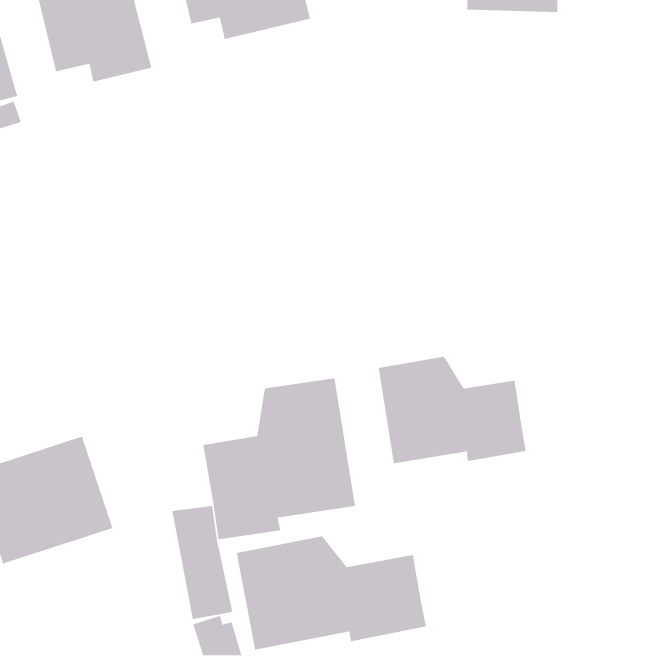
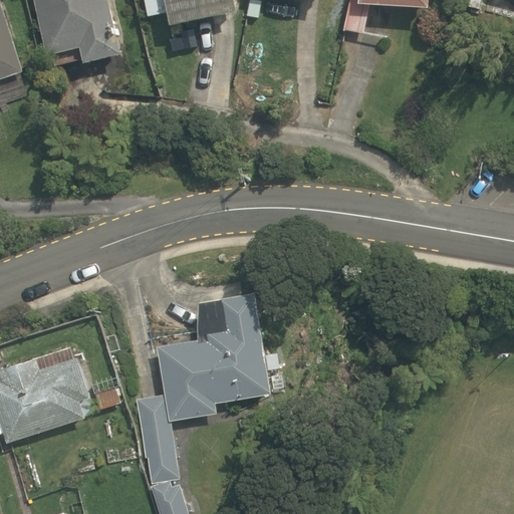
building: [378,356,527,464] -> none
building: [236,536,427,650] -> none

